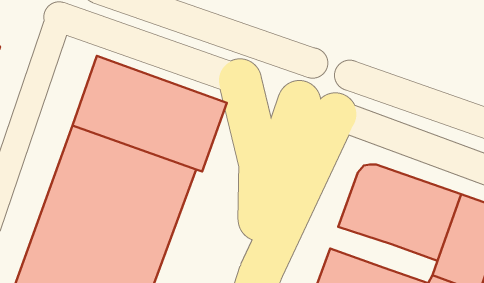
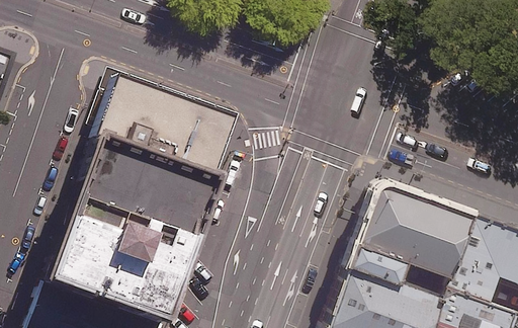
building: none -> [344,249,405,290]

